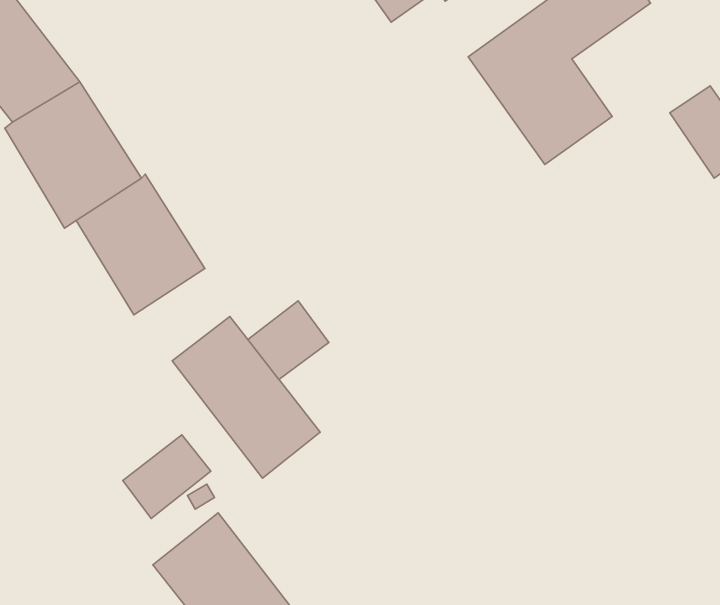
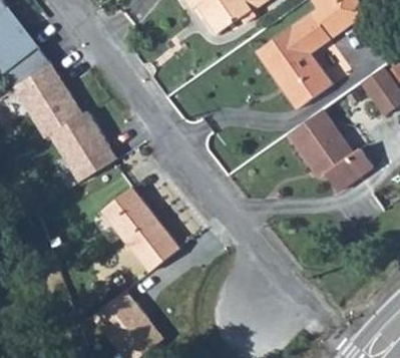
building: none -> [288,109,372,191]
building: [248,301,329,379] -> none
building: [123,435,211,518] -> none

